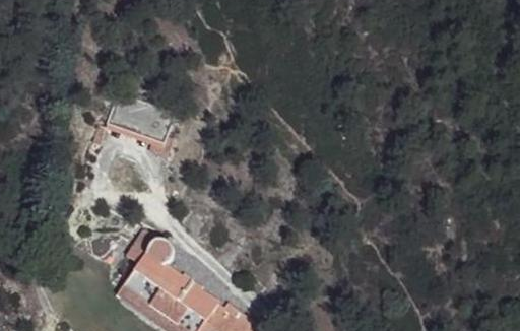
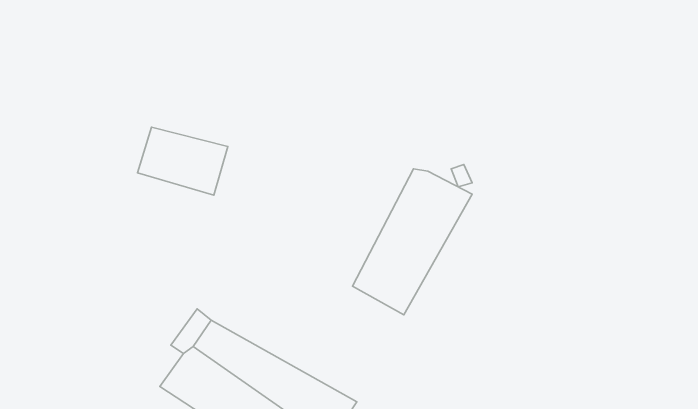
building: none -> [353,169,472,315]

